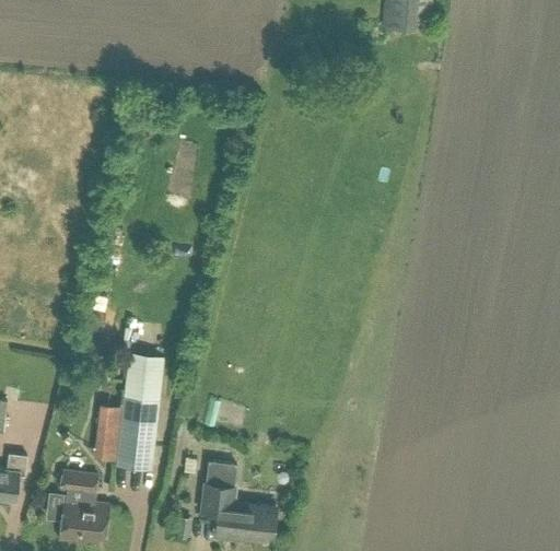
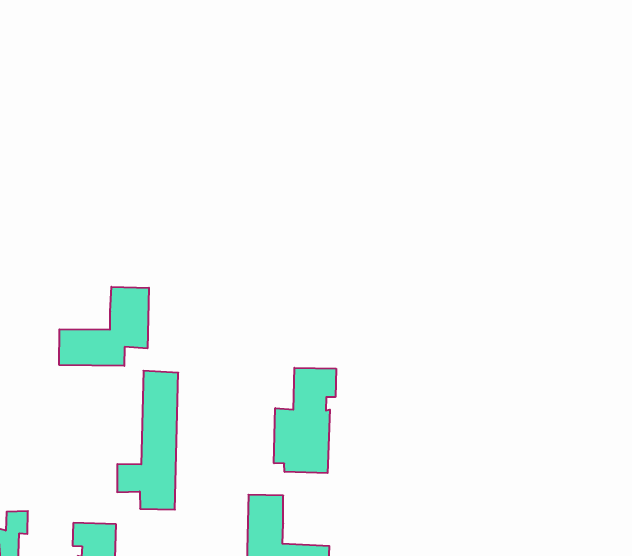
building: none -> [59,287,149,366]
building: none -> [274,368,336,473]

